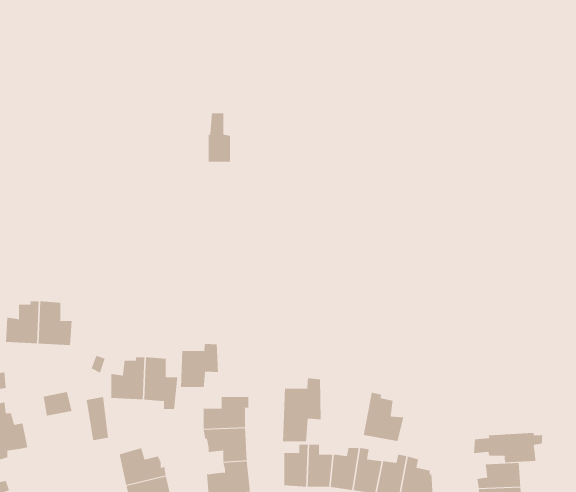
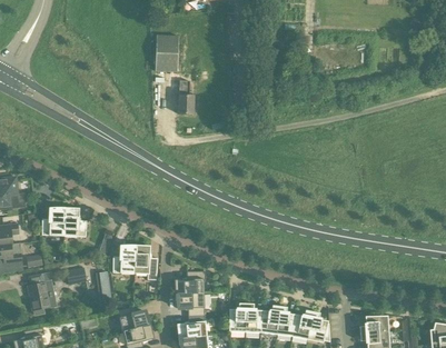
building: none -> [155,36,178,71]
building: [180,343,218,388] -> none
building: [282,378,321,442] -> none
building: [363,392,404,442] -> none
building: [473,432,543,463] -> none

